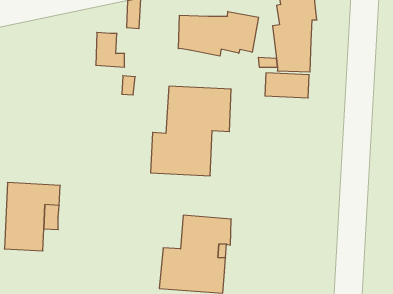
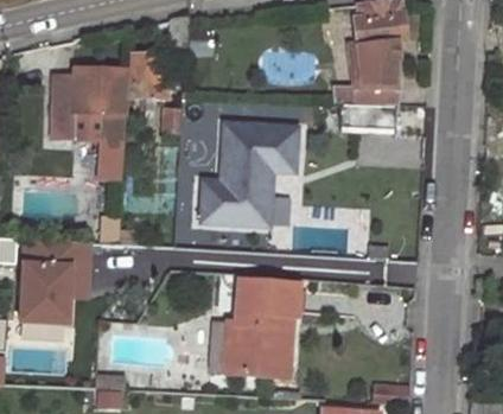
building: [178,11,259,56] -> none
building: none -> [51,68,129,179]

